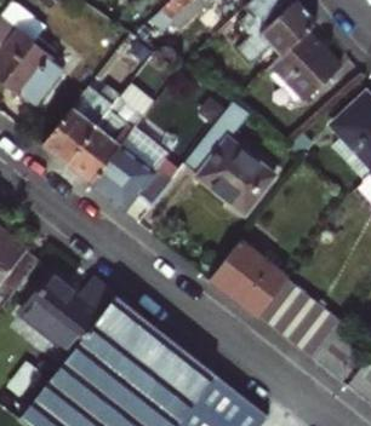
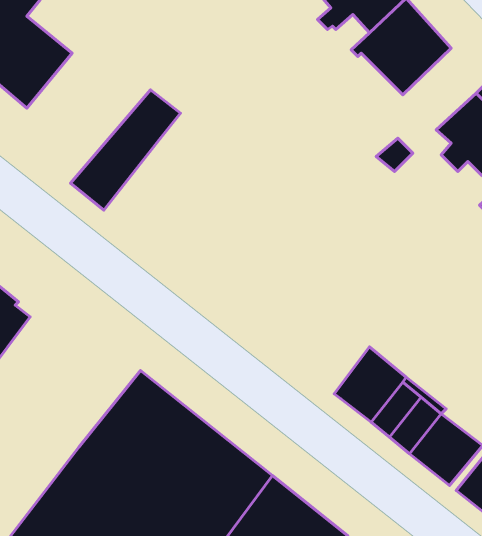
building: [42,84,124,162] -> none
building: [184,99,275,213] -> none
building: [90,129,172,208] -> none
building: [210,238,287,315] -> none
building: [19,272,116,353] -> none

